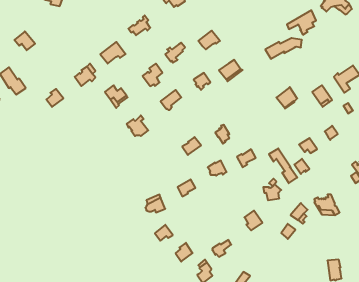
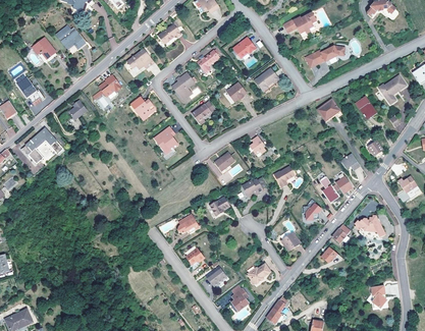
building: [287,10,316,35] -> [285,11,317,38]
building: none -> [56,24,86,49]
building: none -> [22,127,63,163]

